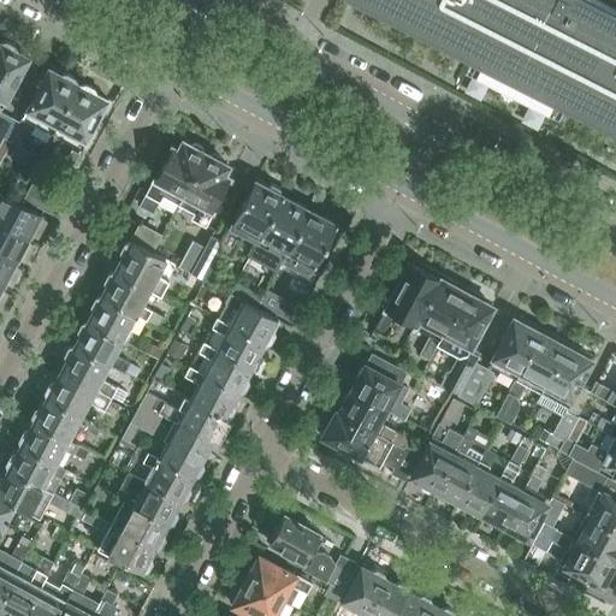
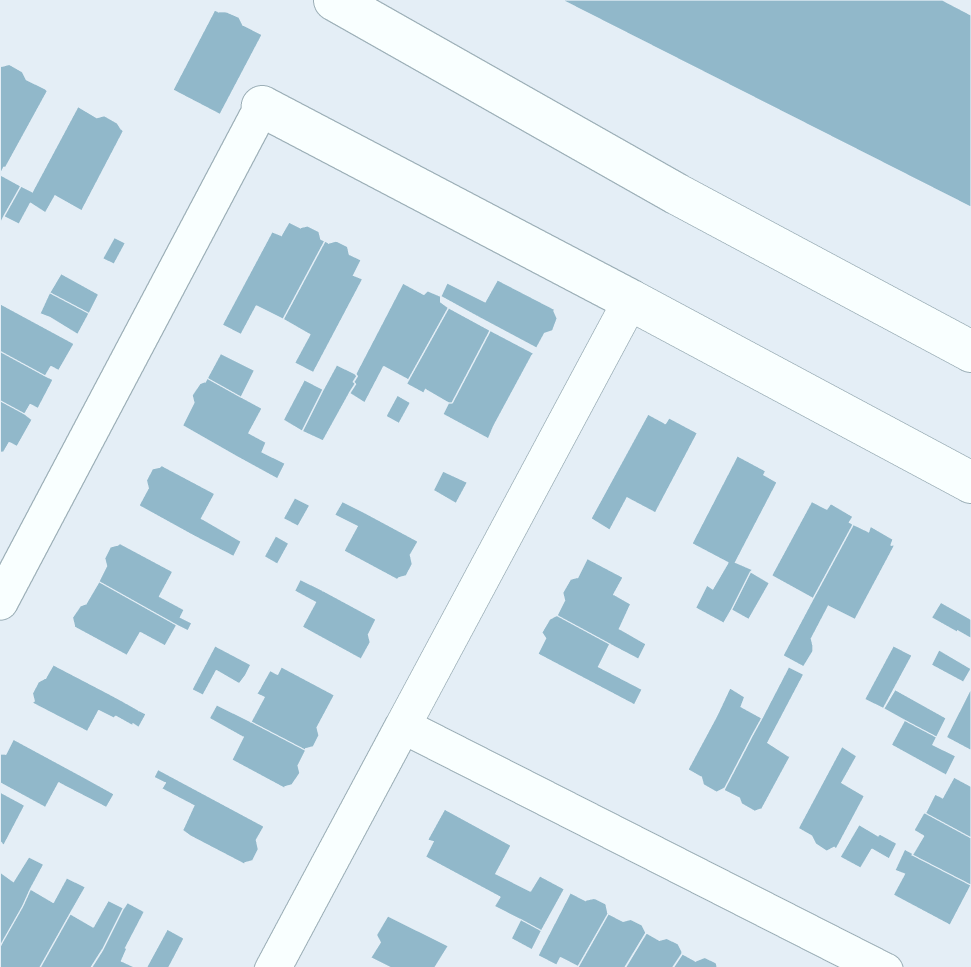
building: [52,85,108,152] -> [173,10,262,115]
building: none -> [441,280,557,348]
building: [102,272,168,332] -> none
building: [415,277,467,361] -> none
building: [225,295,278,345] -> none
building: [76,322,131,373] -> none
building: [200,344,251,395] -> none
building: [541,346,593,409] -> none
building: [138,393,229,443] -> none
building: [34,399,105,442] -> none
building: [322,414,417,481] -> none
building: [411,426,454,491] -> none
building: [7,448,93,496] -> none
building: [482,463,523,528] -> none
building: [114,473,180,526] -> none
building: [81,513,155,574] -> none
building: [245,558,312,606] -> none

